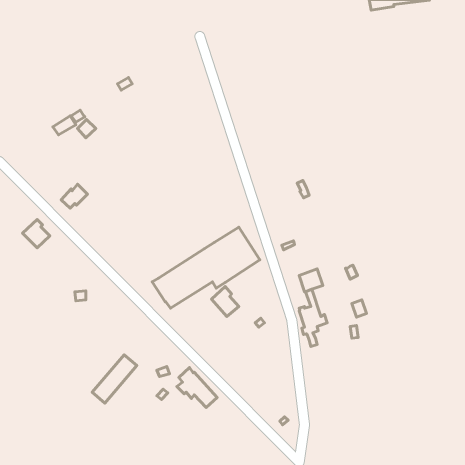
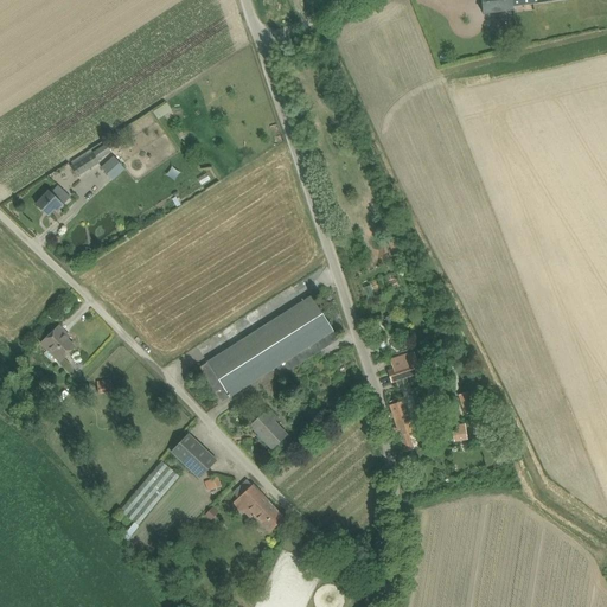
building: [61,184,88,208] -> [36,184,70,215]
building: [22,219,50,248] -> [39,325,75,362]
building: [211,286,239,316] -> [250,408,286,447]
building: none -> [171,433,216,478]

